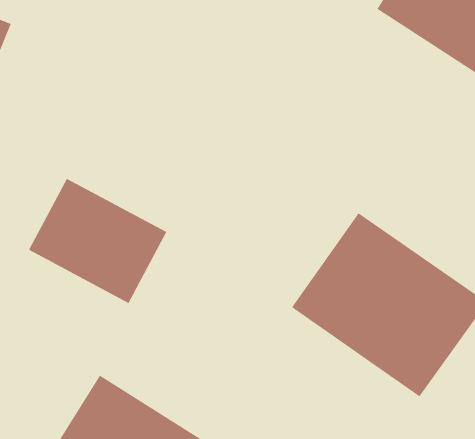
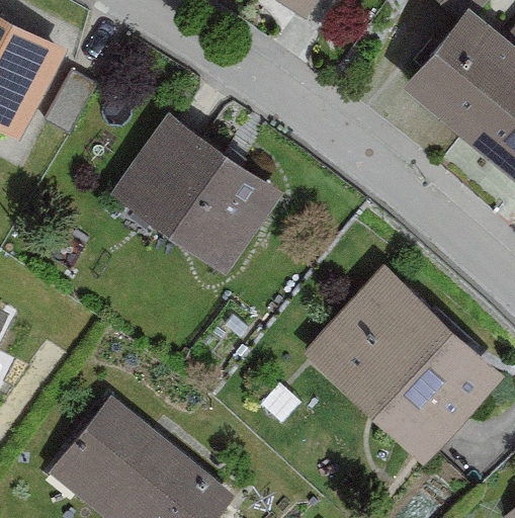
building: [28,178,167,304] -> [134,124,271,254]

